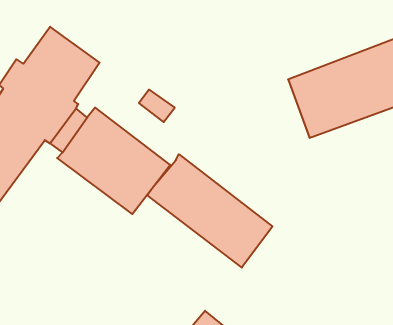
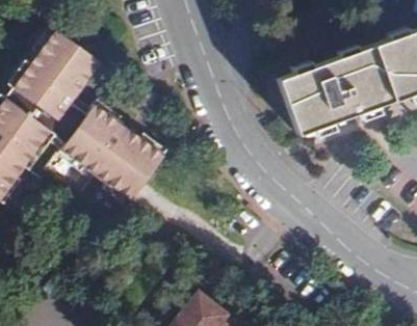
building: [147,154,272,268] -> none

